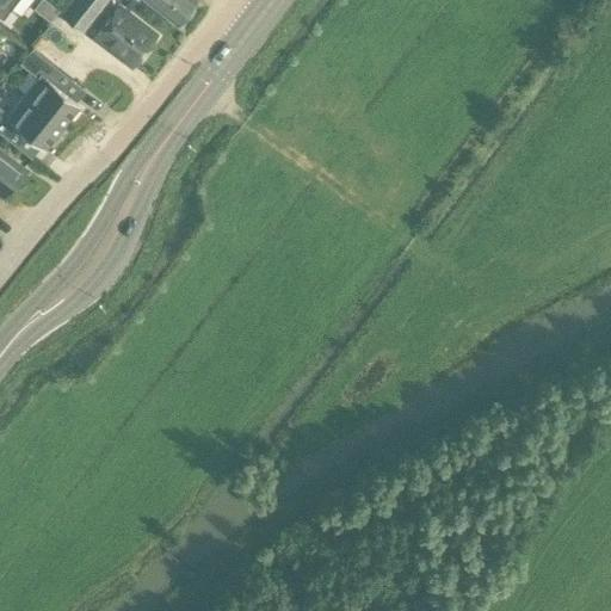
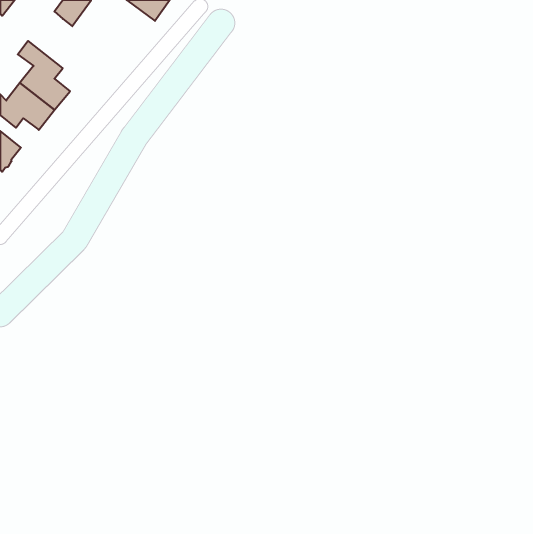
building: [97,8,158,67] -> none

